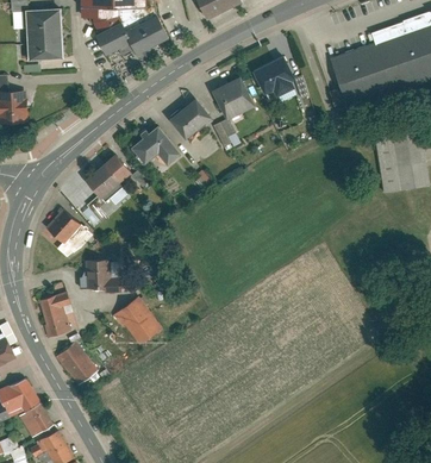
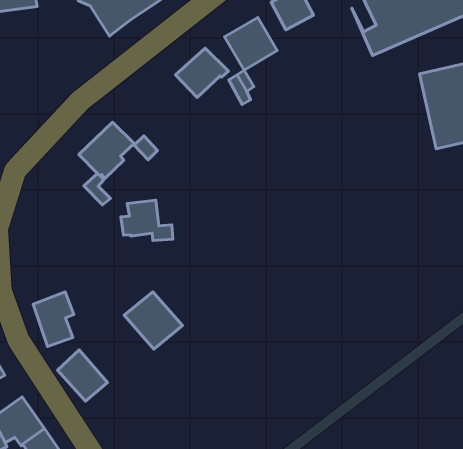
building: [135,125,183,164] -> none
building: [48,209,81,243] -> none
building: [81,258,123,292] -> [121,200,173,240]

